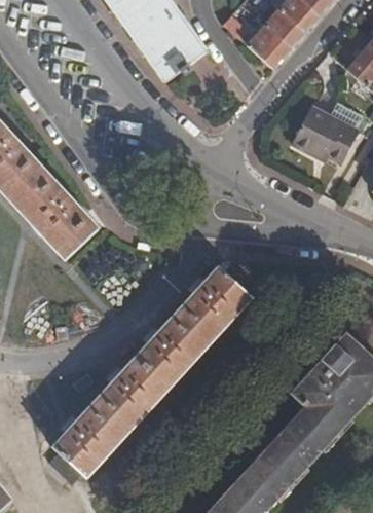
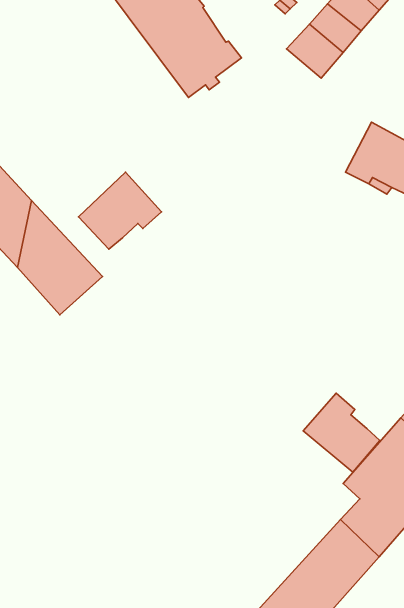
building: none -> [78,172,162,249]
building: [55,267,252,476] -> none
building: none -> [303,393,380,472]

